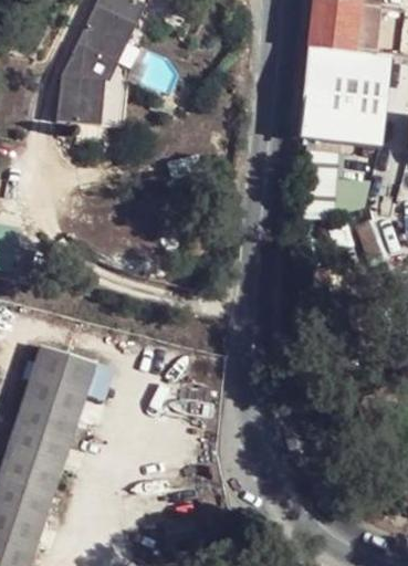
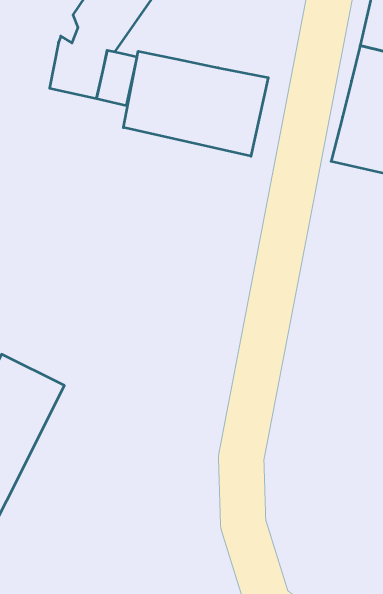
building: none -> [123,51,268,156]

